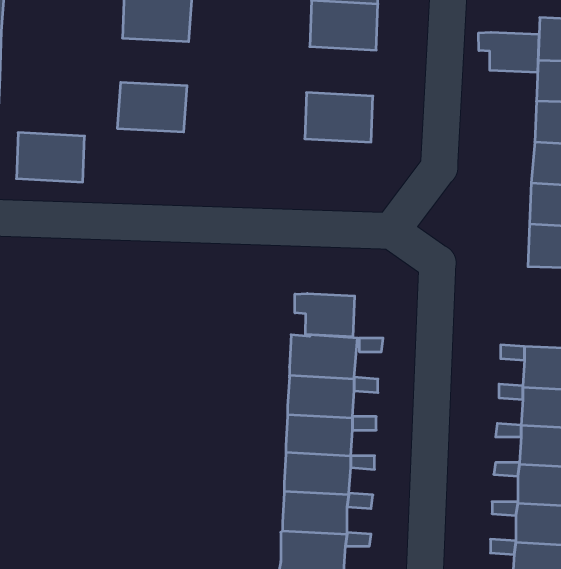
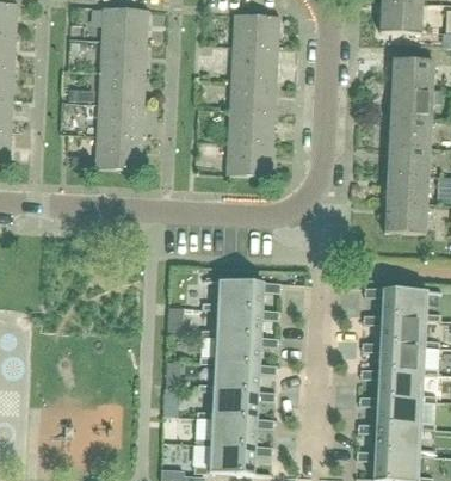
building: [479,32,539,72] -> none
building: none -> [99,70,147,104]
building: none -> [229,76,278,111]
building: [16,133,85,182] -> [95,134,143,168]
building: none -> [227,141,274,175]
building: [295,293,355,337] -> none

